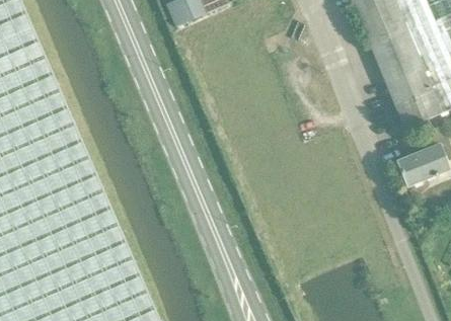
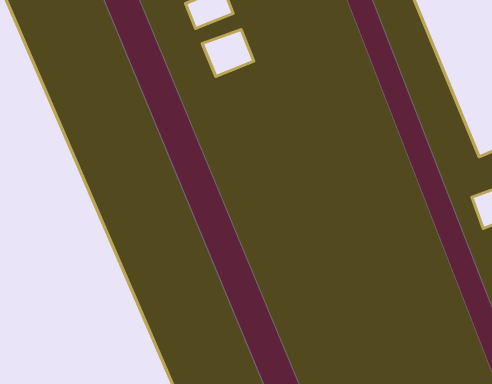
building: none -> [202,30,254,76]

